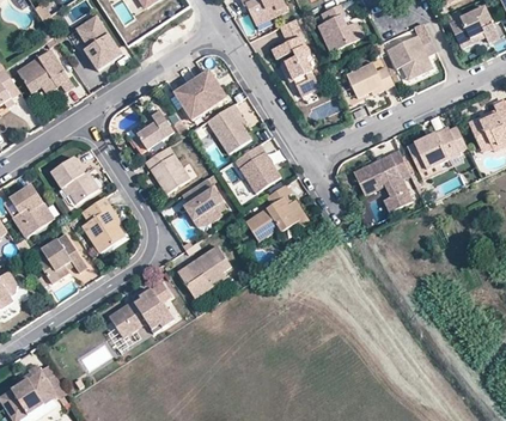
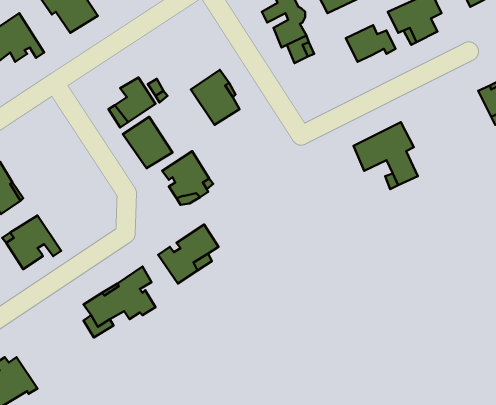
building: [175,69,228,118] -> none
building: [407,126,467,170] -> none
building: [234,144,281,193] -> none
building: [51,158,100,203] -> none
building: [246,183,311,242] -> none
building: [83,196,126,249] -> none

